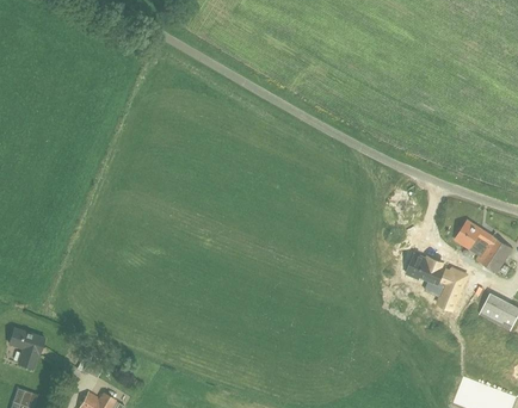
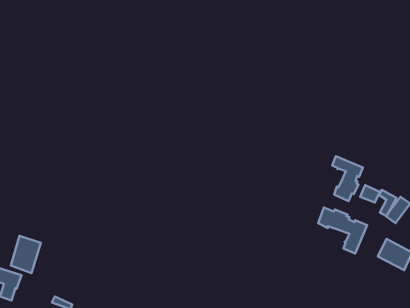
building: none -> [332,156,363,201]
building: none -> [11,236,41,273]

